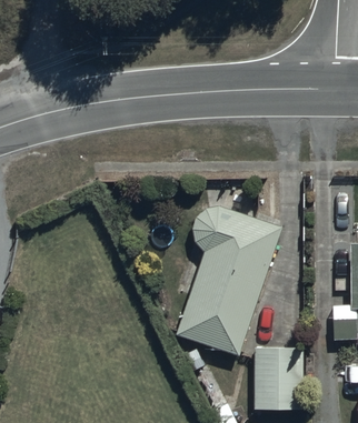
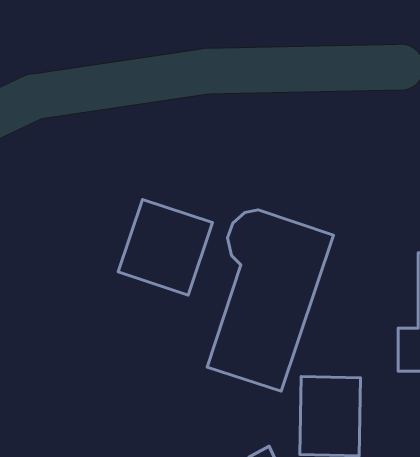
building: none -> [118,199,213,295]

